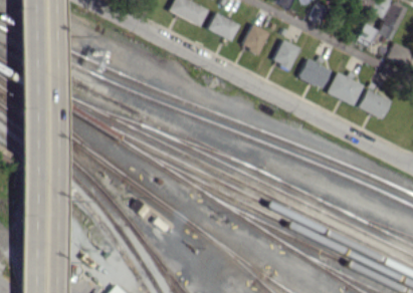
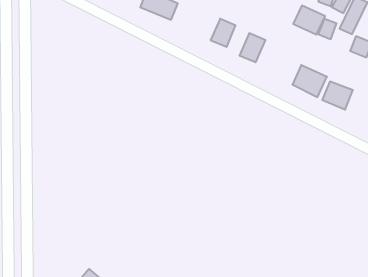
building: [207,12,239,40] -> none
building: [298,58,332,88] -> [293,6,325,35]

